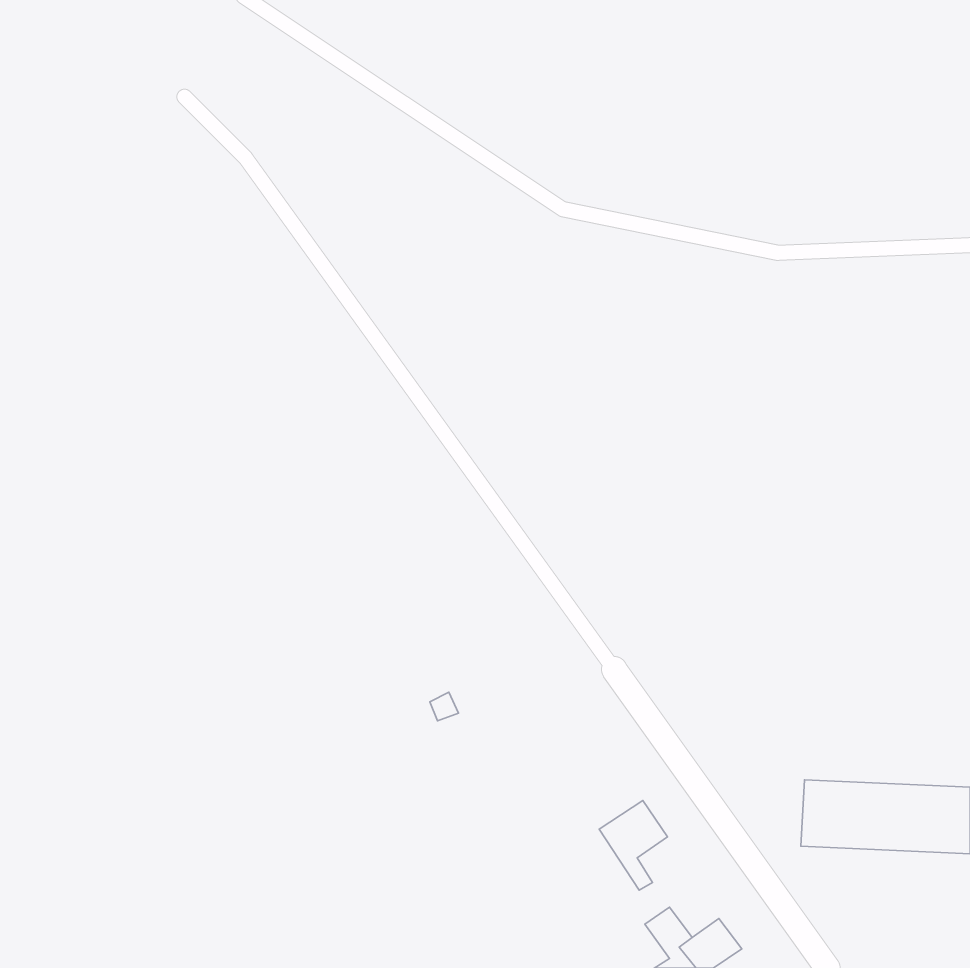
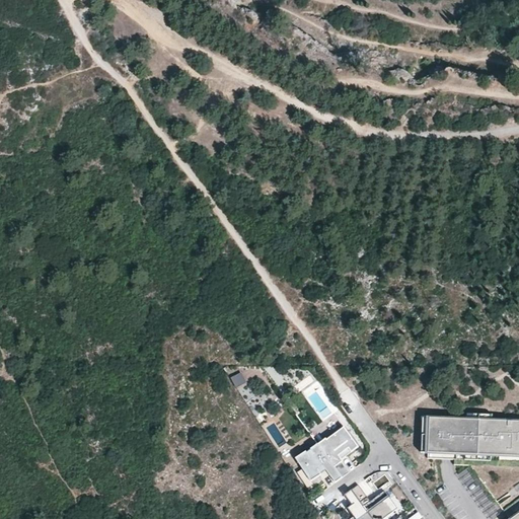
building: none -> [299,442,341,480]

